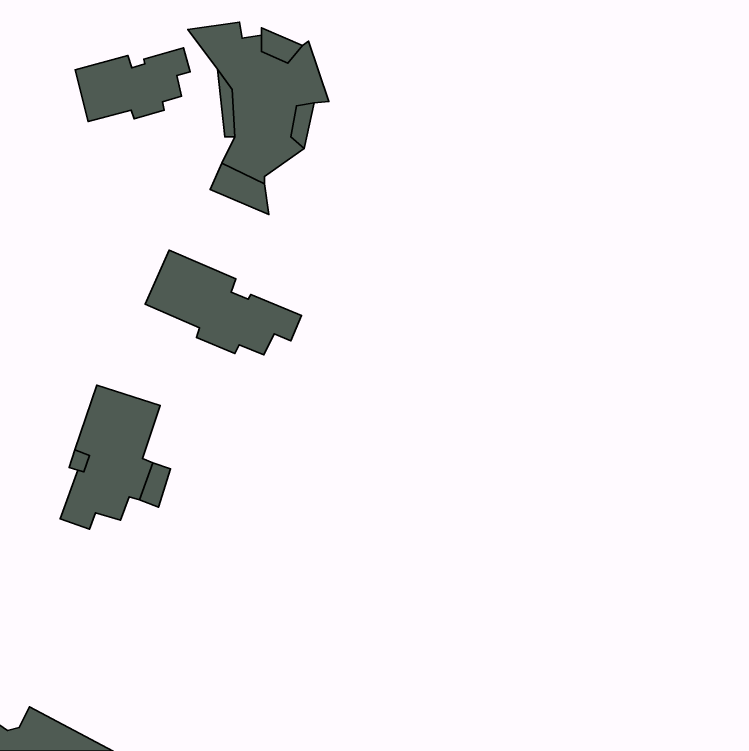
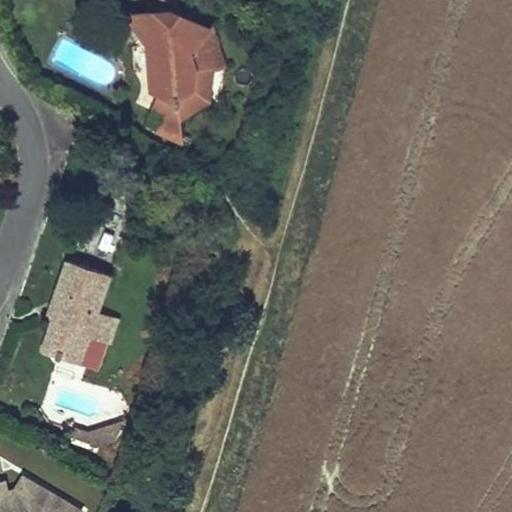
building: [75,48,190,121] -> none
building: [145,250,302,355] -> none

